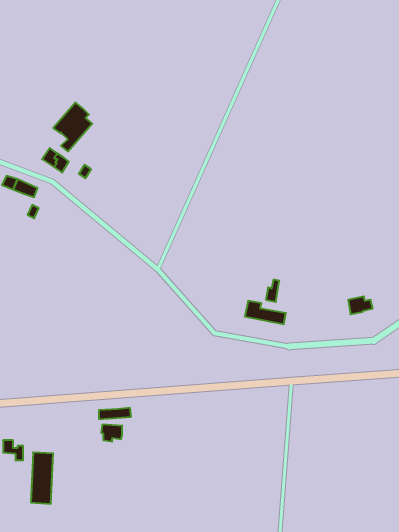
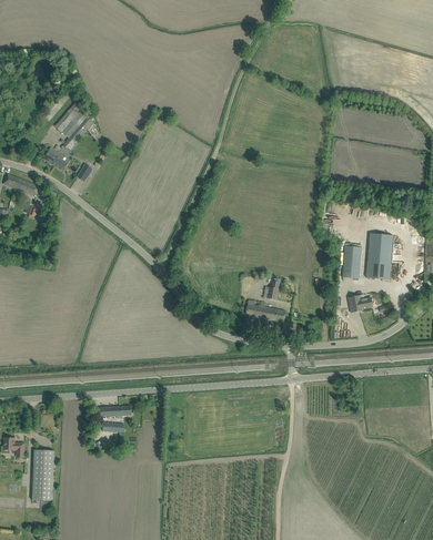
building: none -> [366,235,392,281]
building: none -> [341,246,361,279]

